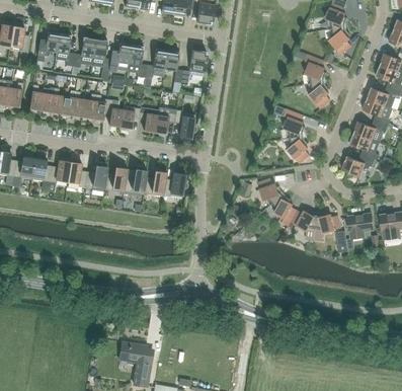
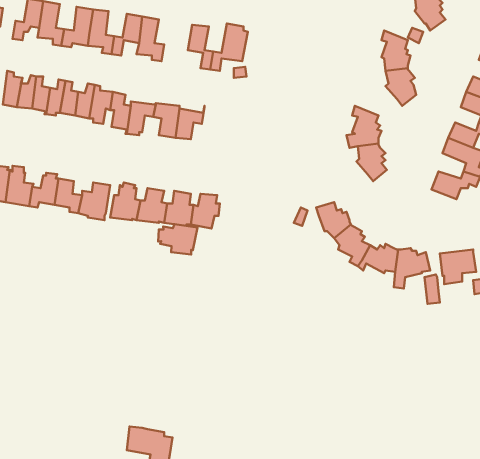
building: [145,49,167,79] -> none
building: [174,110,196,140] -> none
building: none -> [158,224,197,254]

